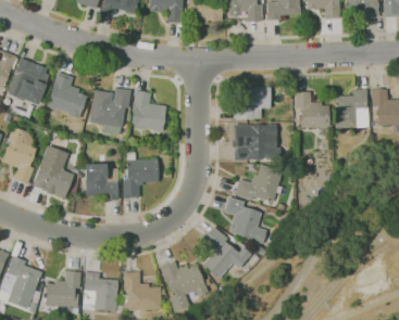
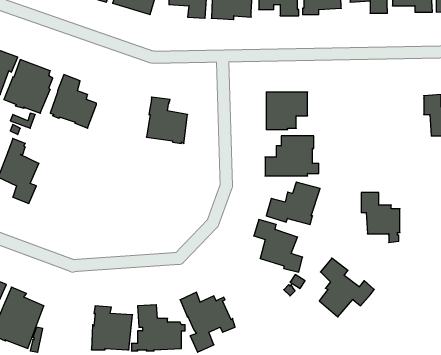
building: [89,88,130,135] -> none
building: [334,89,369,128] -> none
building: [296,91,329,135] -> [361,193,400,243]
building: [33,145,74,199] -> none
building: [123,152,159,197] -> none
building: [85,164,119,200] -> none
building: [203,227,251,278] -> [319,258,374,317]
building: [46,270,82,307] -> none

